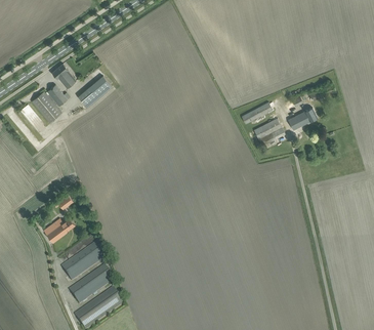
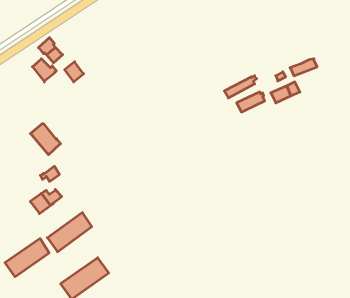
building: [31,90,61,122] -> [30,124,61,155]
building: [69,263,114,302] -> [5,239,49,277]

